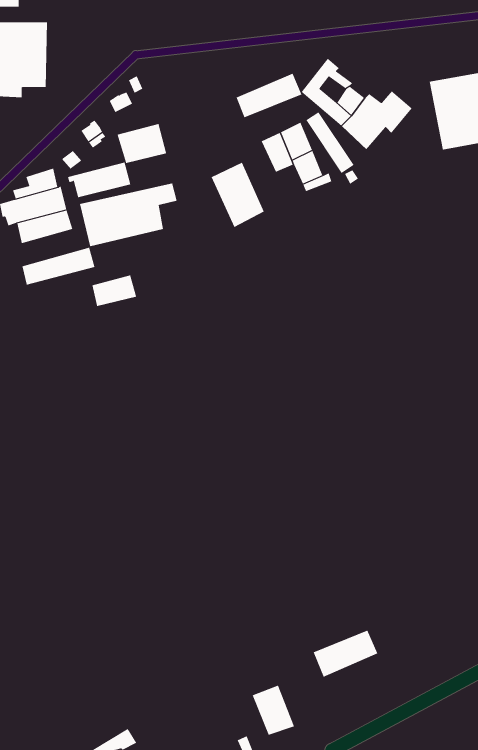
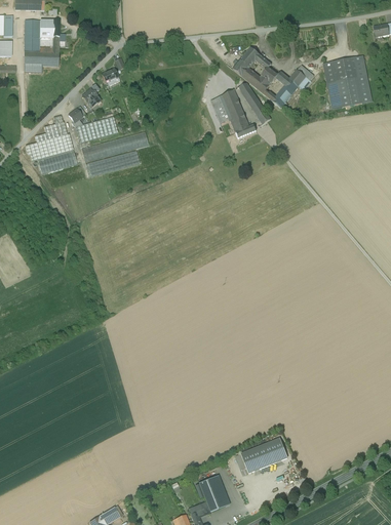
building: [236,73,302,118] -> none
building: [117,123,167,164] -> none
building: [211,162,265,228] -> none
building: [22,247,95,285] -> none
building: [92,275,137,307] -> none

